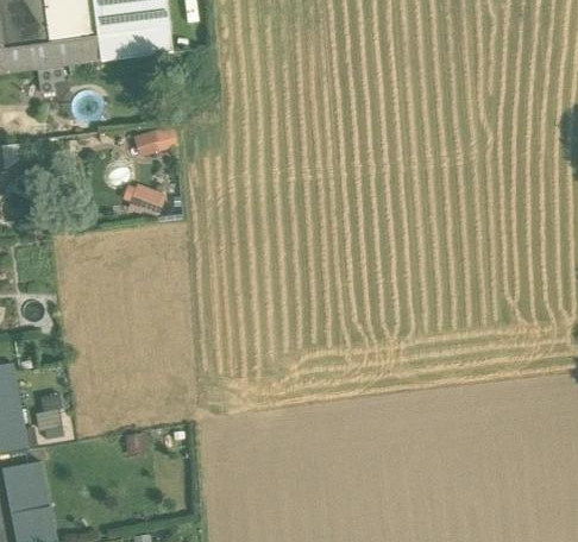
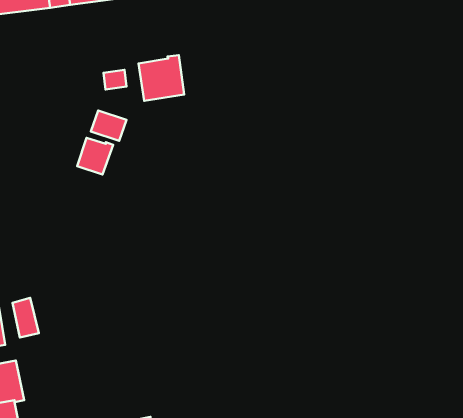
building: none -> [139,55,184,101]
building: none -> [77,138,113,175]

